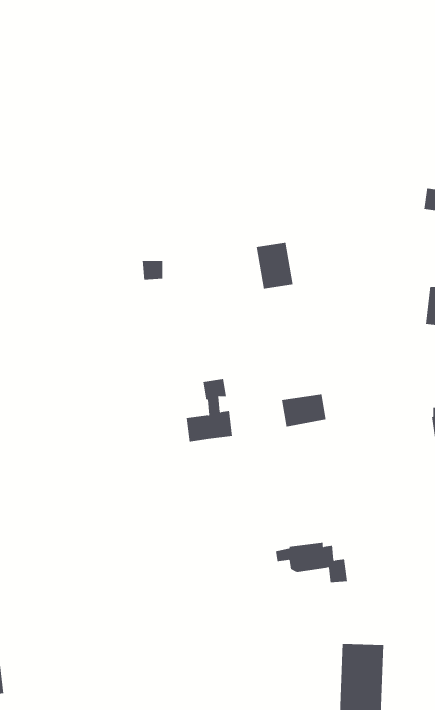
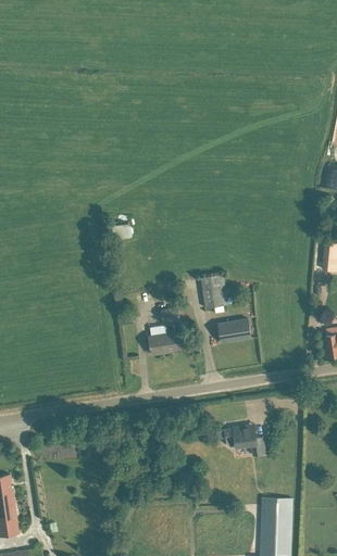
building: [256,242,294,289] -> [200,275,227,308]

